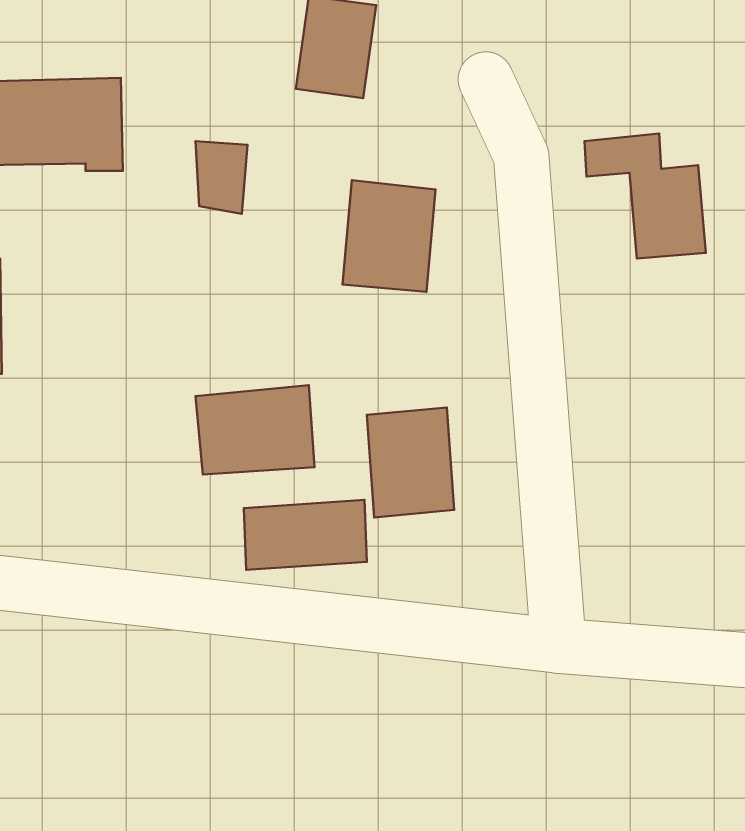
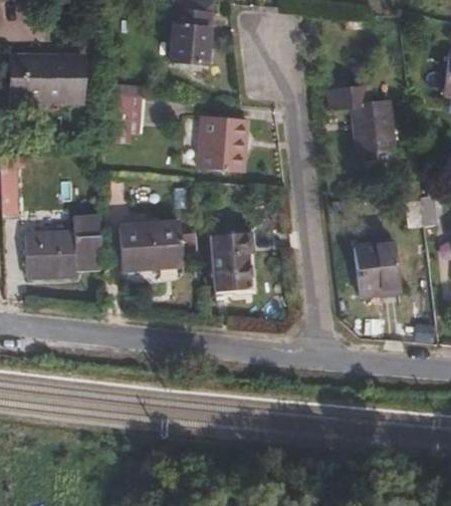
building: none -> [24,217,100,275]
building: none -> [355,241,397,293]
building: [244,500,367,570] -> none

